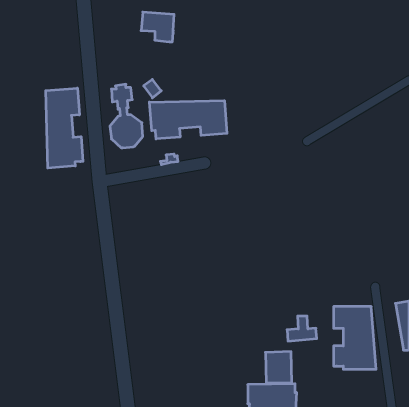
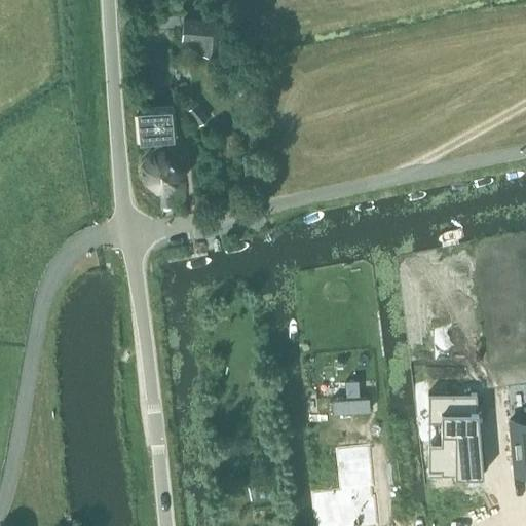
building: [46,88,83,168] -> none
building: [149,101,227,139] -> none
building: [287,316,317,341] -> [331,384,369,416]

